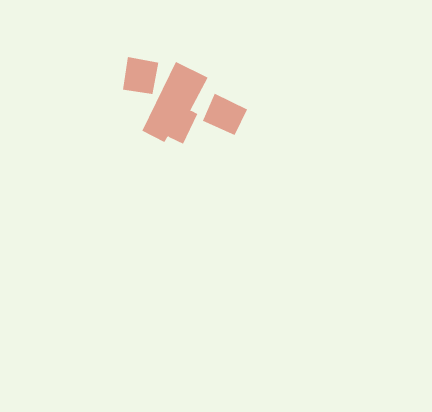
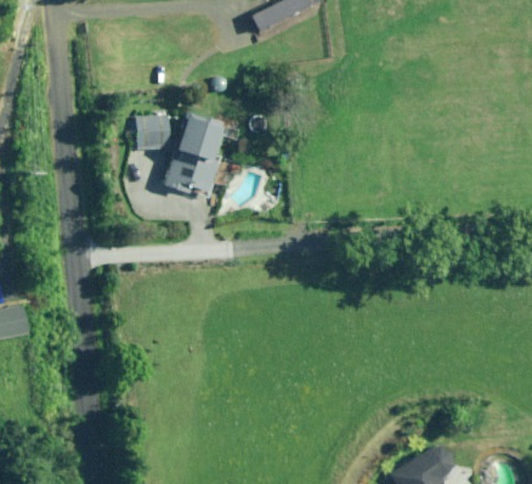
building: [202,93,248,136] -> none

